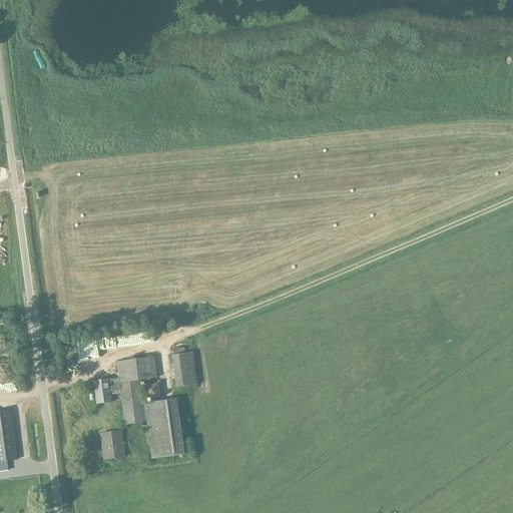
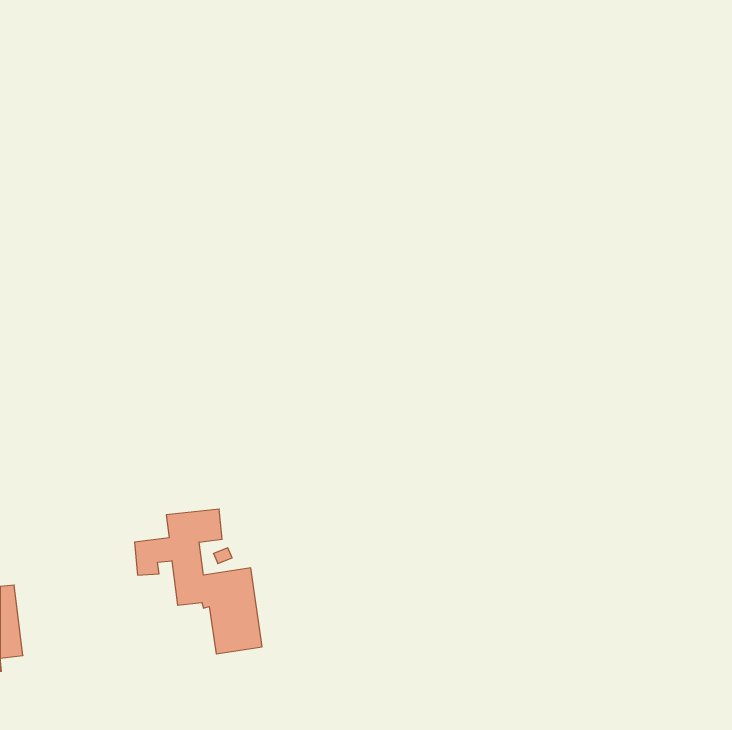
building: [171,352,196,387] -> none
building: [101,430,124,457] -> none

